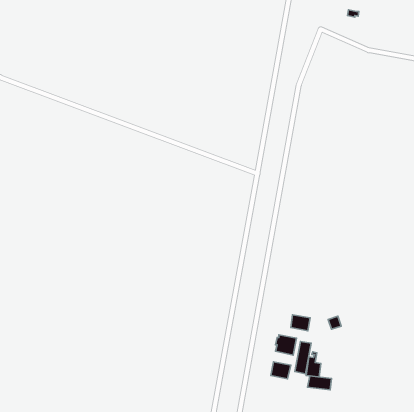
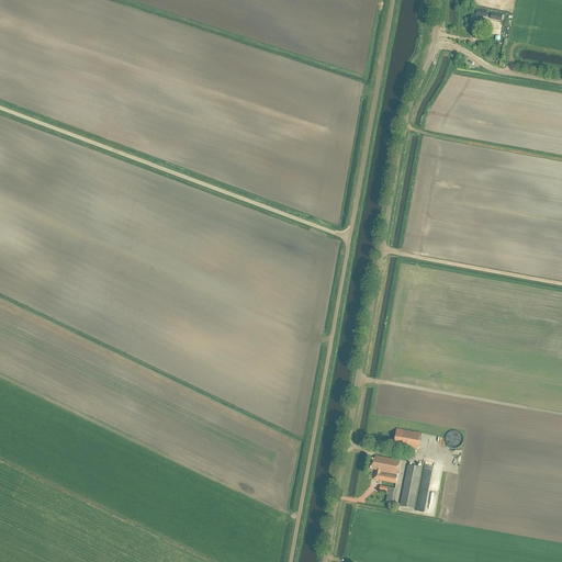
building: [271,362,291,379] -> none
building: [307,376,332,390] -> none

